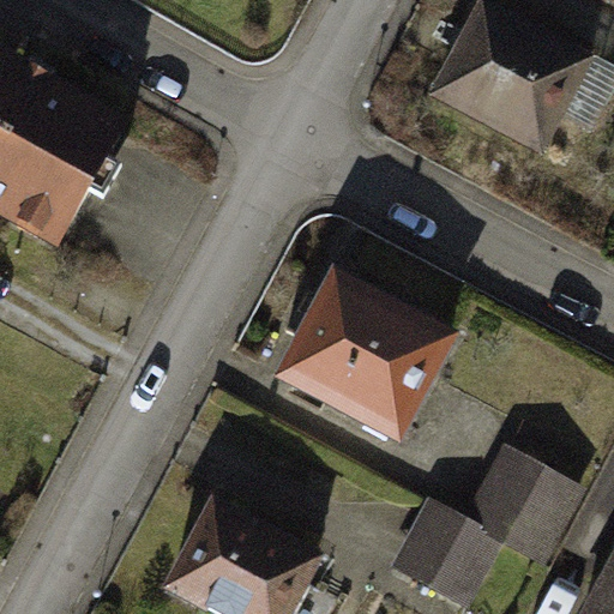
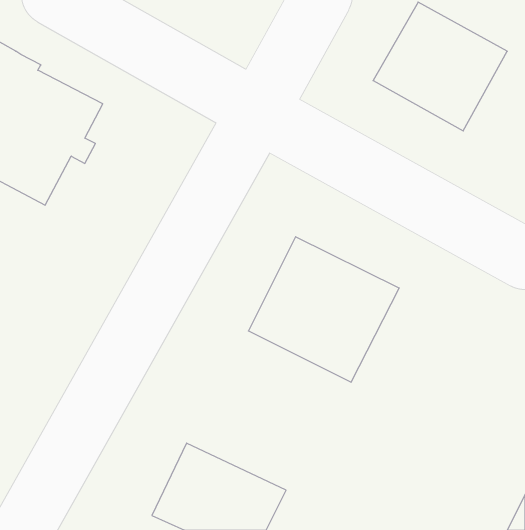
building: [395,447,590,595] -> none

